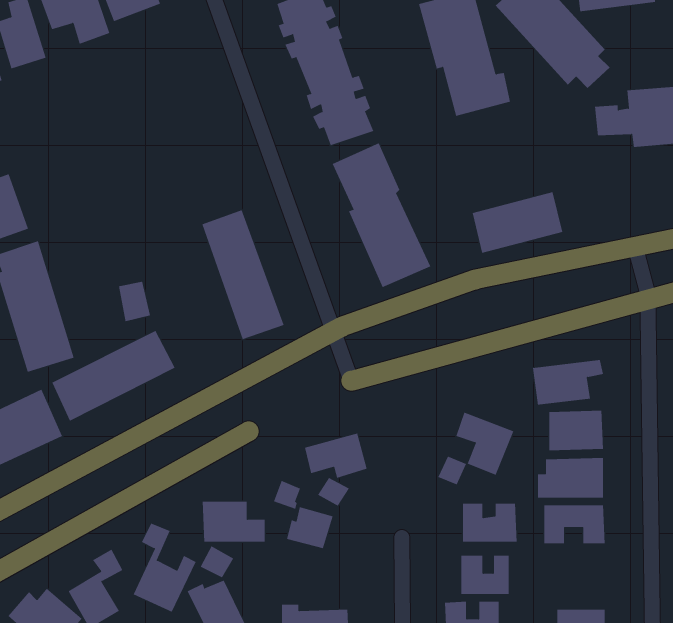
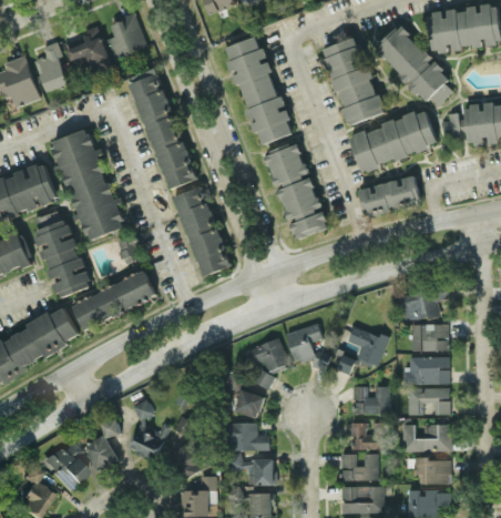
building: none -> [129,69,195,190]
building: none -> [349,110,436,172]
building: none -> [50,129,124,241]
building: none -> [286,325,321,364]
building: [202,501,265,542] -> [225,423,268,450]
building: none -> [403,425,449,451]

